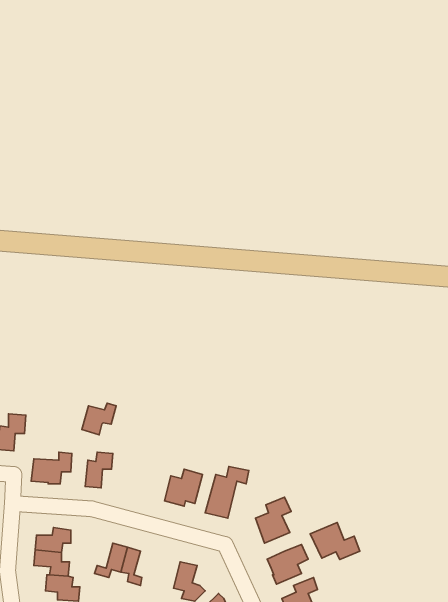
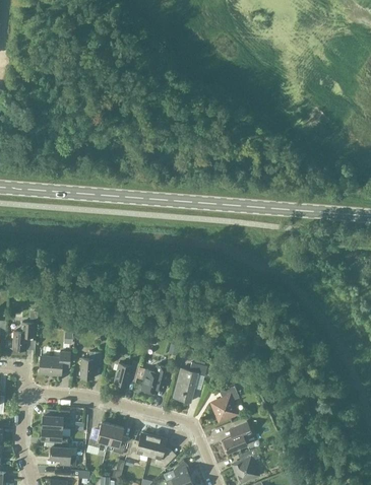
building: [82,403,116,435] -> [114,362,140,387]
building: [310,522,360,559] -> none
building: none -> [126,433,153,461]

